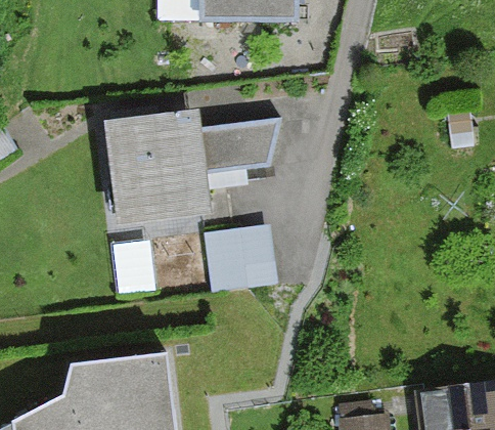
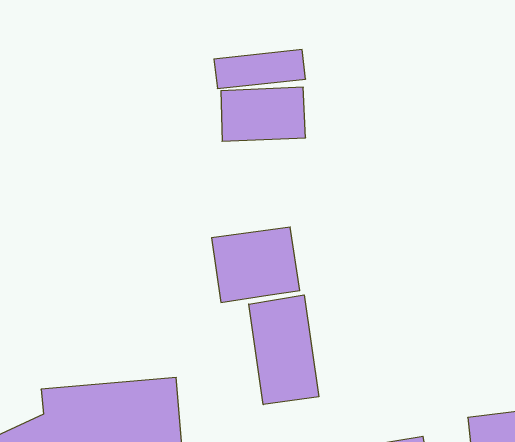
building: [106,124,209,231] -> none
building: none -> [249,295,319,405]

